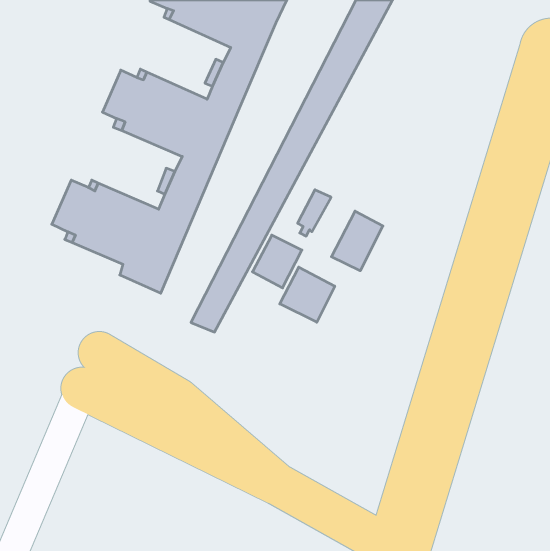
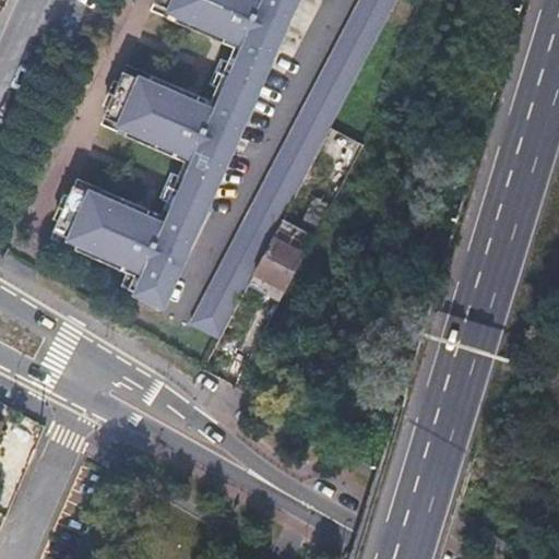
building: [331,211,383,271] -> none
building: [280,267,335,322] -> none

